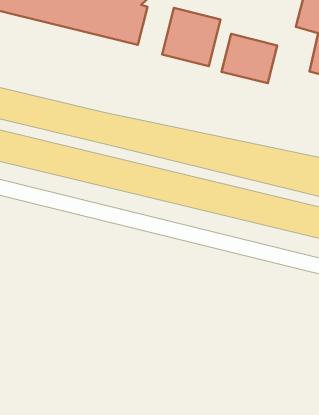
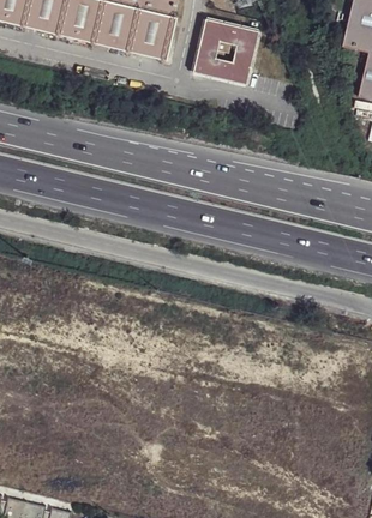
building: [222,34,277,83] -> none

